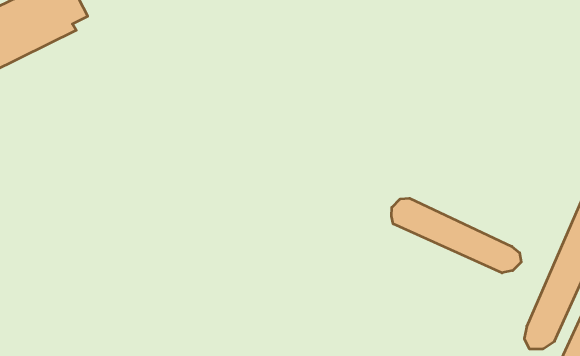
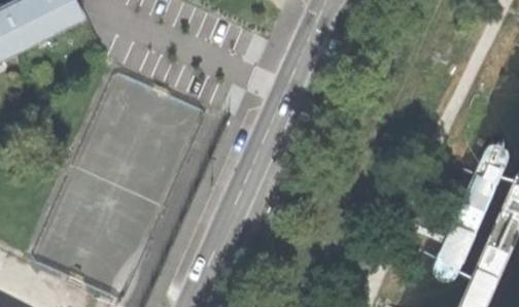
building: [391,198,521,273] -> none

